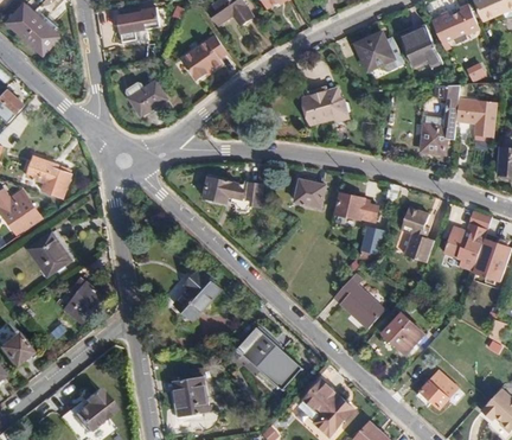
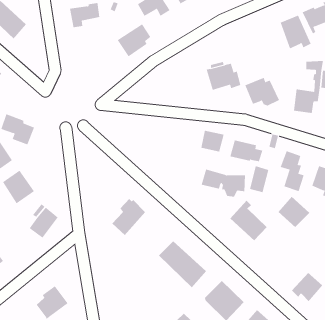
building: [356,31,403,70] -> [245,77,280,106]
building: [129,79,168,116] -> none
building: [203,176,263,213] -> [201,169,246,197]
building: [382,311,425,353] -> [277,196,310,228]
building: [171,375,209,422] -> none

